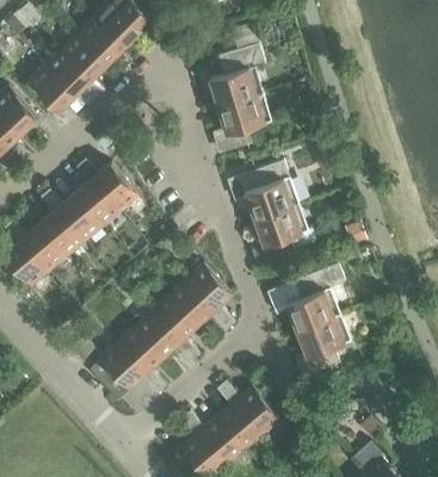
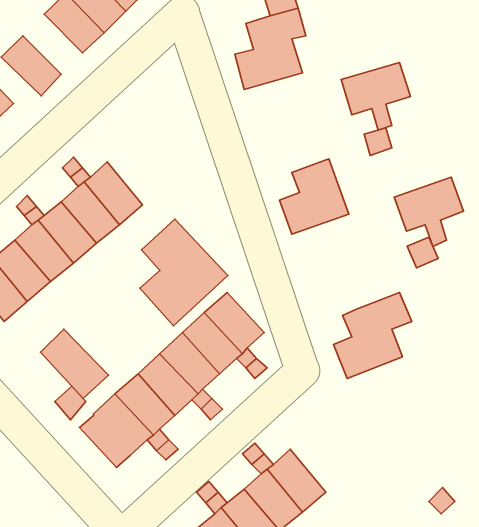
building: [44,49,91,95] -> none
building: [216,94,270,147] -> [341,63,410,130]
building: [253,204,307,258] -> [394,177,464,246]
building: none -> [140,219,228,326]
building: none -> [41,329,108,398]
building: [296,315,350,368] -> none

